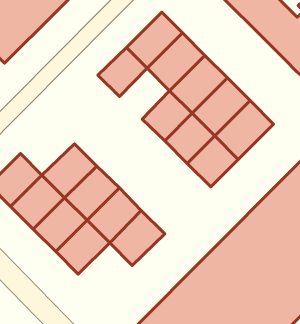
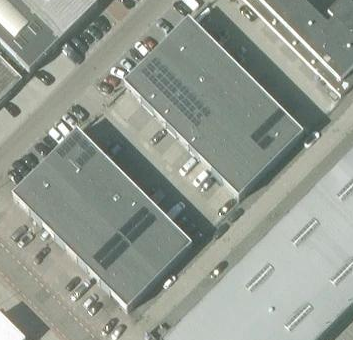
building: none -> [146,72,197,124]
building: none -> [45,126,100,181]
building: none -> [104,250,159,305]

